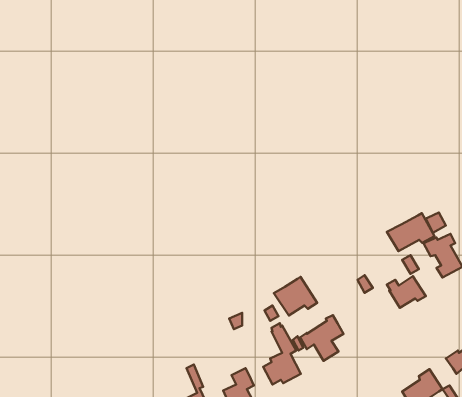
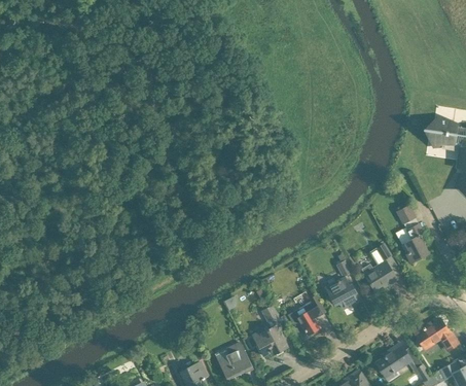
building: [387,213,435,251] -> none
building: [274,277,317,315] -> none
building: none -> [326,278,360,309]

